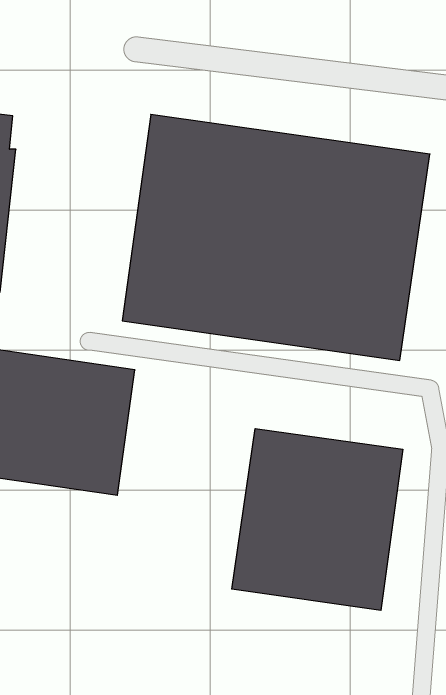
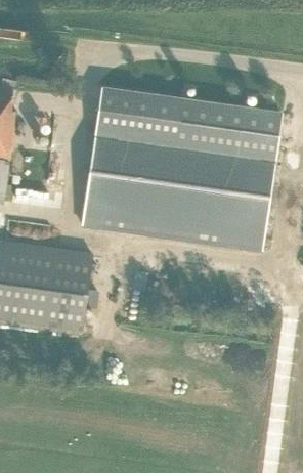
building: [232,429,403,610] -> none

